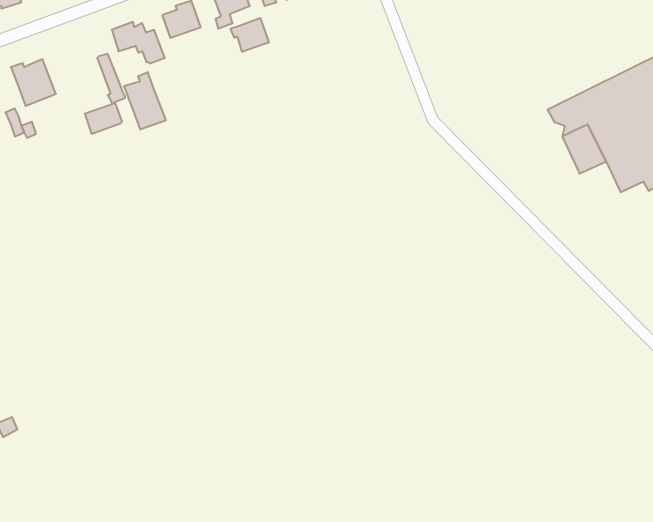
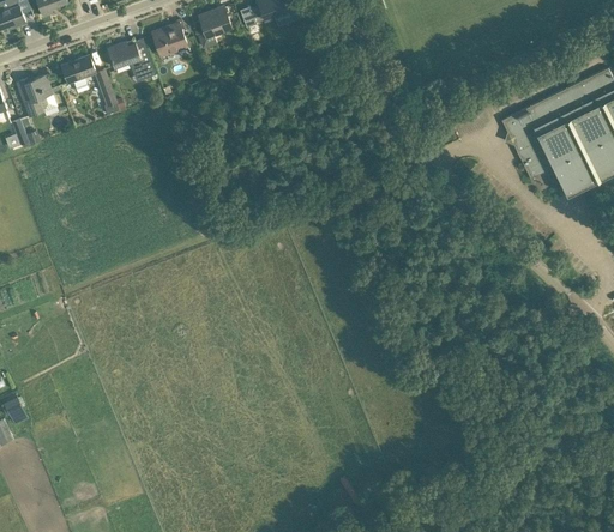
building: [231,18,269,52] -> none
building: [124,72,166,130] -> none
building: [85,103,122,134] -> [61,55,95,83]

